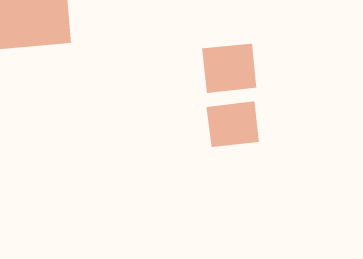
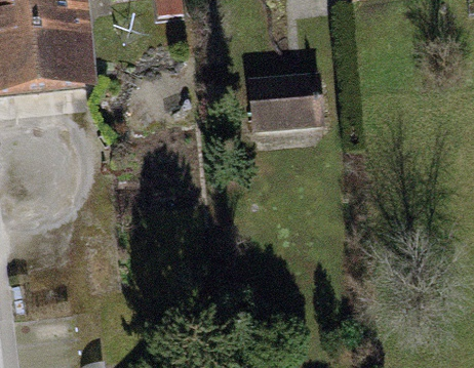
building: [206,100,260,148] -> none

